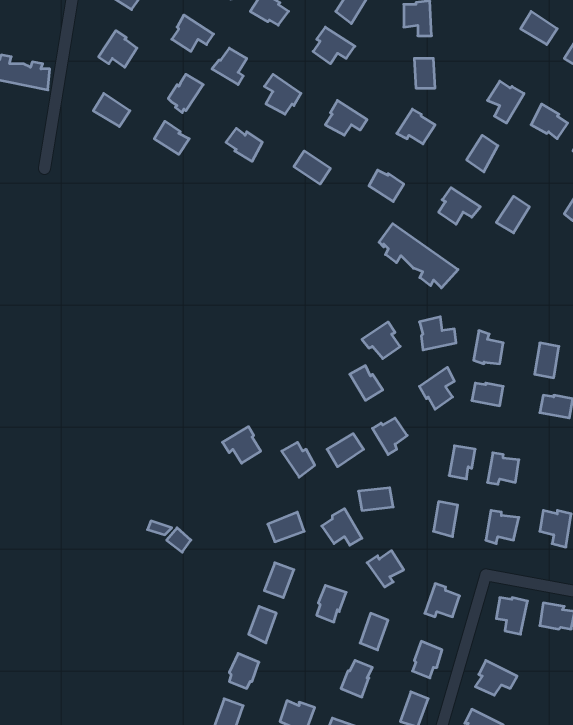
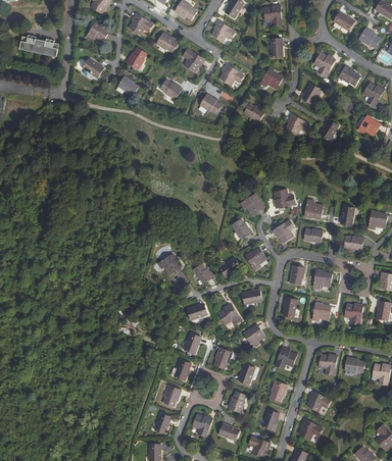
building: [379,224,458,288] -> none

